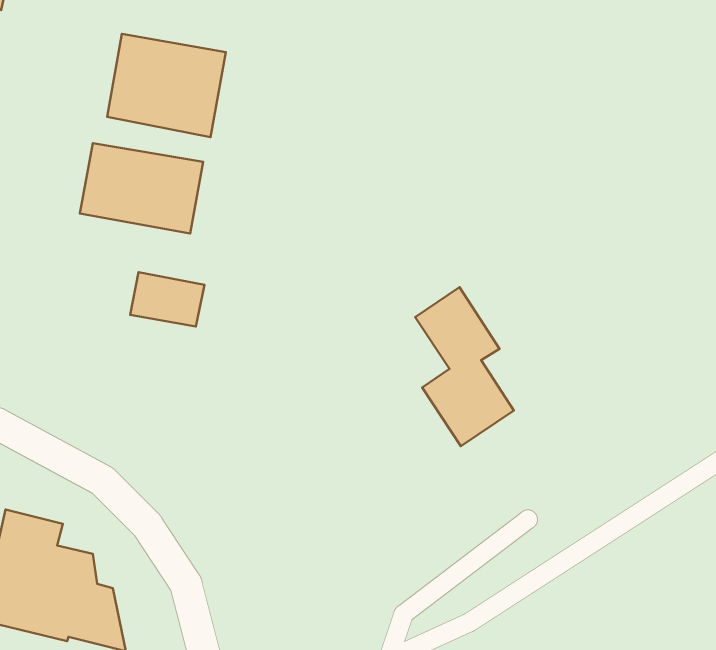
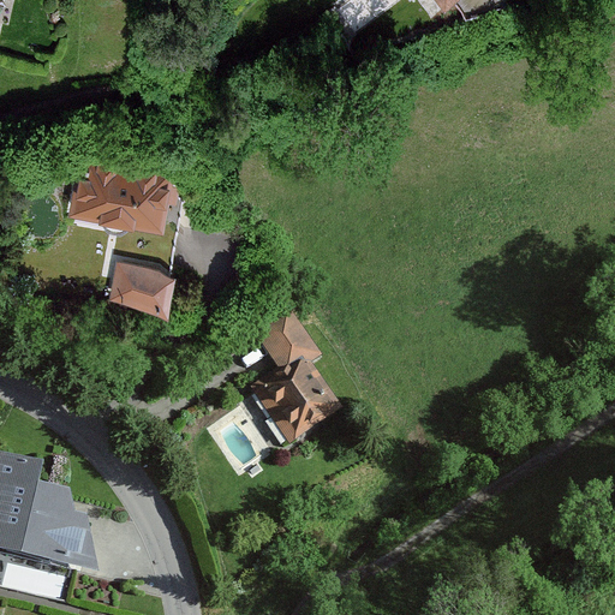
building: [107,34,226,137] -> none
building: [415,287,514,446] -> [250,312,333,446]

